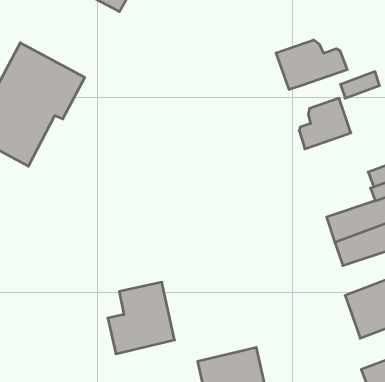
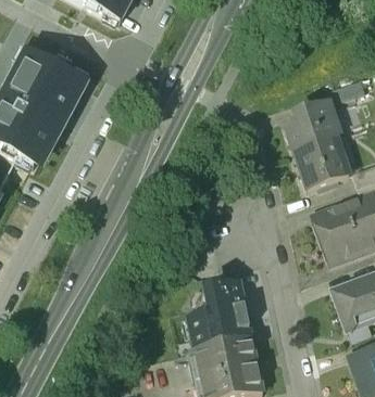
building: [276,40,347,90] -> none
building: none -> [295,139,349,190]
building: [108,282,175,354] -> [186,283,249,350]

